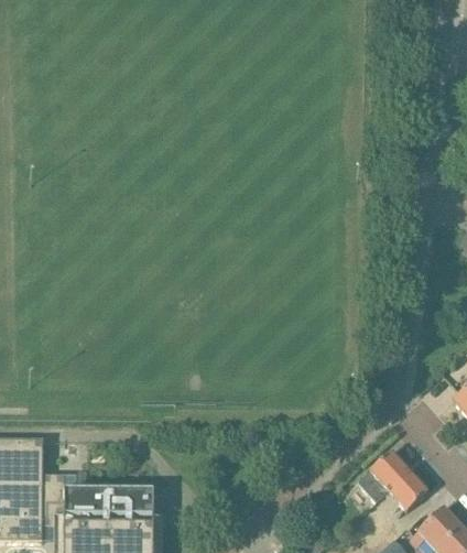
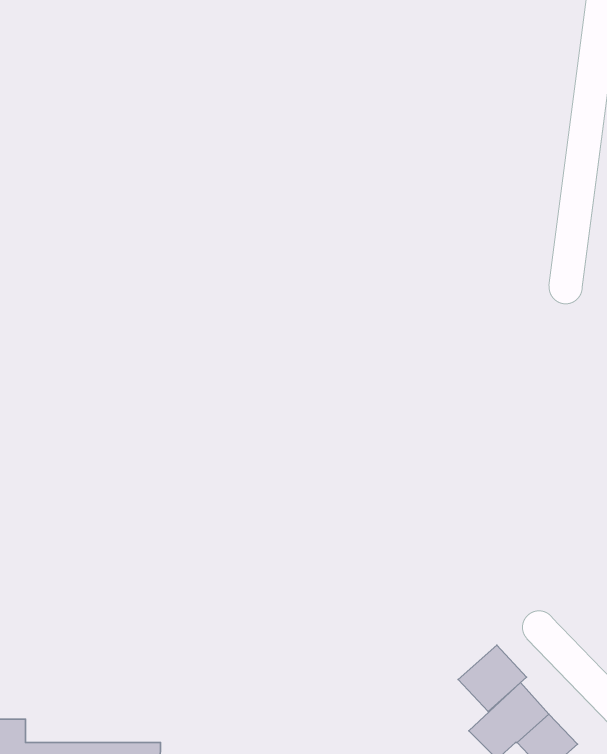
building: none -> [458,645,527,711]

